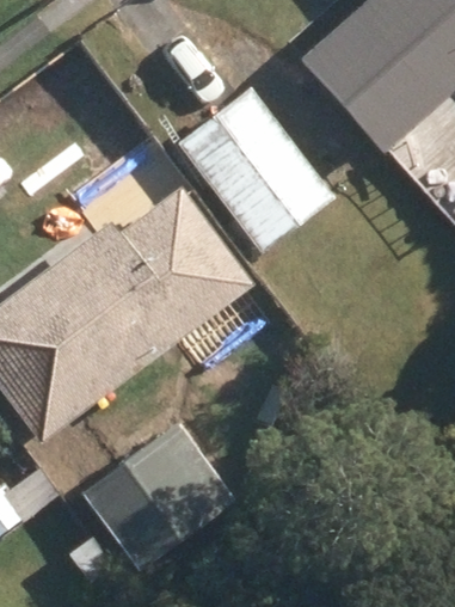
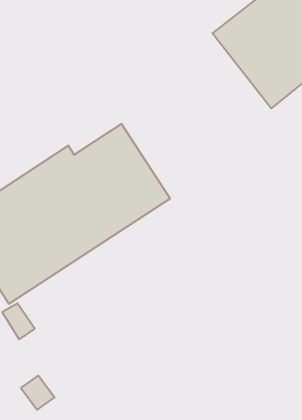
building: [166,74,334,253] -> none
building: [82,429,225,570] -> none

